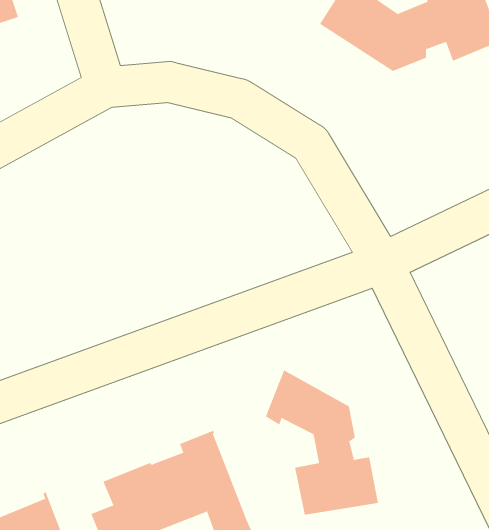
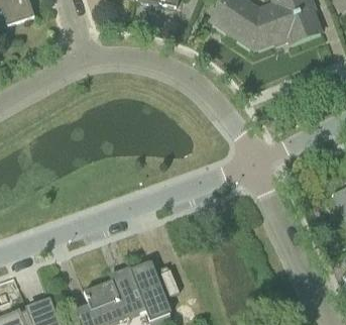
building: [265,370,379,516] -> none

